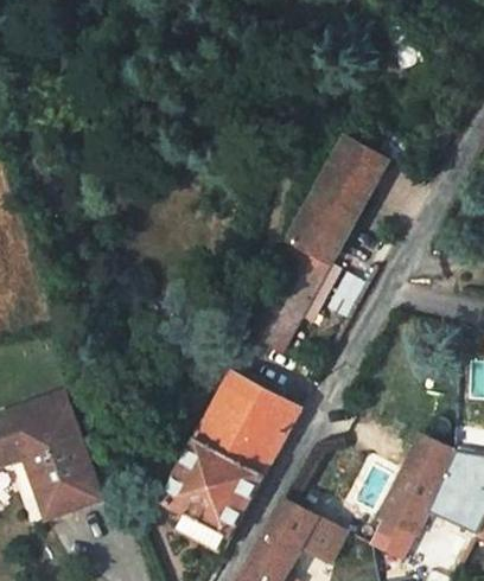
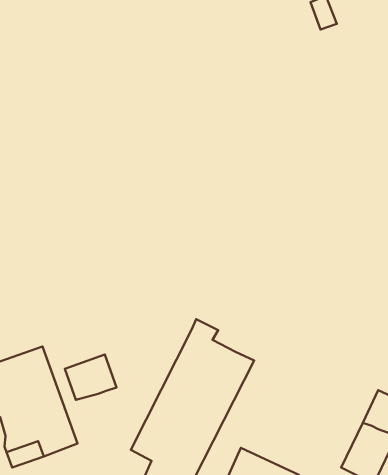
building: [249,133,381,346] -> none
building: none -> [65,355,117,400]

